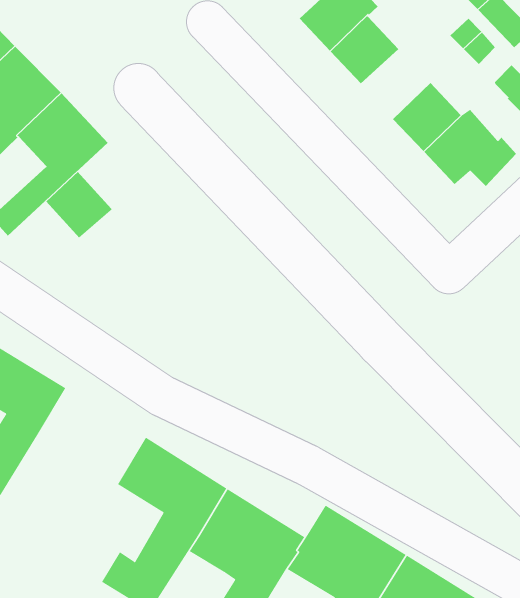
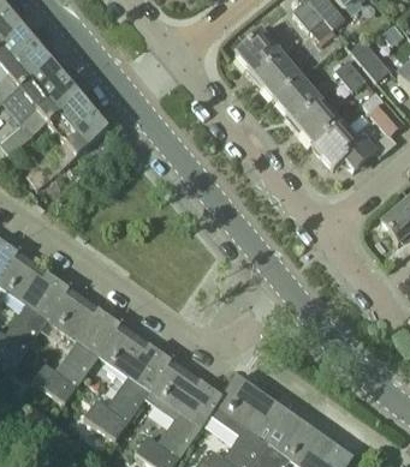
building: none -> [275,78,321,124]
building: [45,171,114,239] -> none
building: none -> [35,288,120,401]

